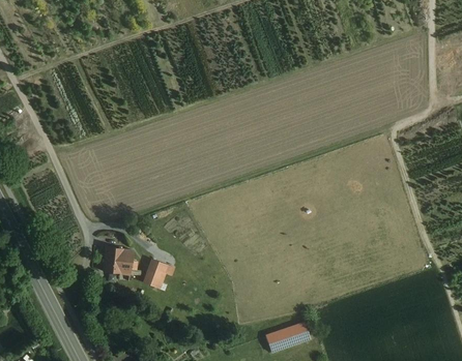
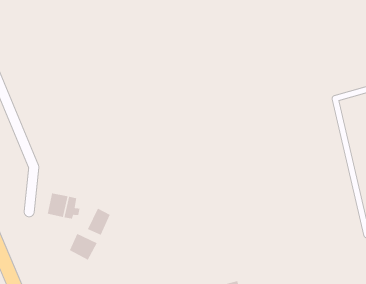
building: none -> [69,233,98,261]

